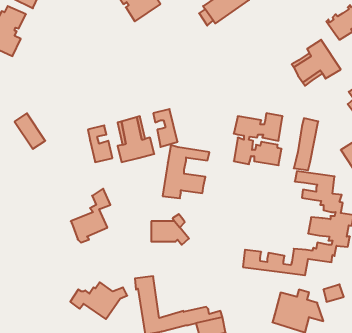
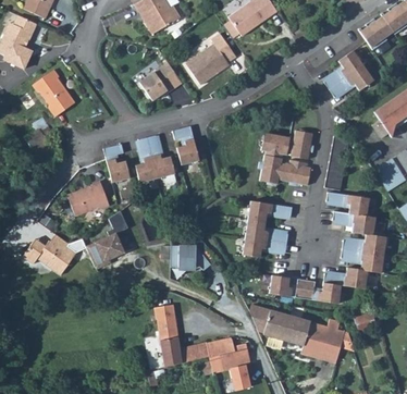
building: none -> [184,34,235,85]
building: none -> [138,66,175,100]
building: none -> [30,67,74,115]
building: [163,145,209,198] -> [240,200,291,257]
building: none -> [66,178,109,212]
building: none -> [249,304,309,345]
building: [70,282,127,319] -> [25,233,86,272]

